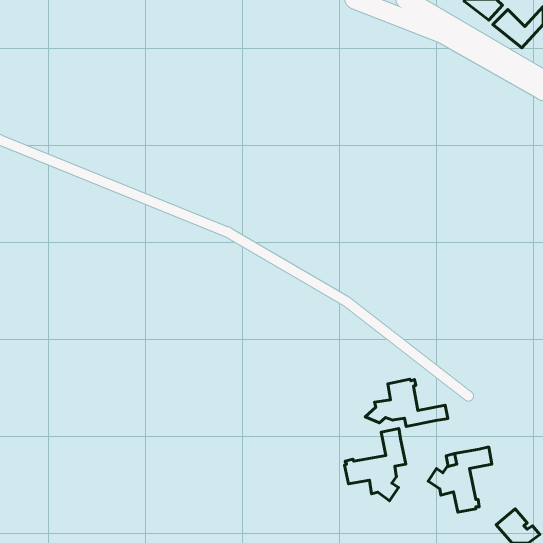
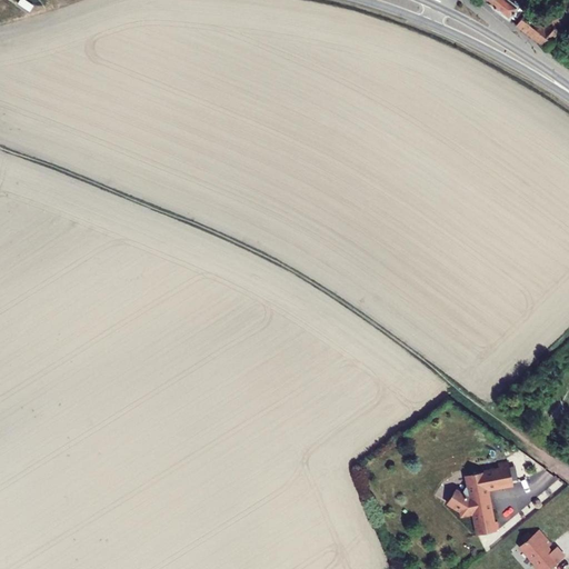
building: [365,379,448,427] -> none
building: [345,429,406,501] -> none

